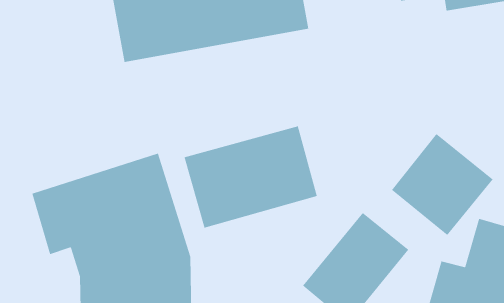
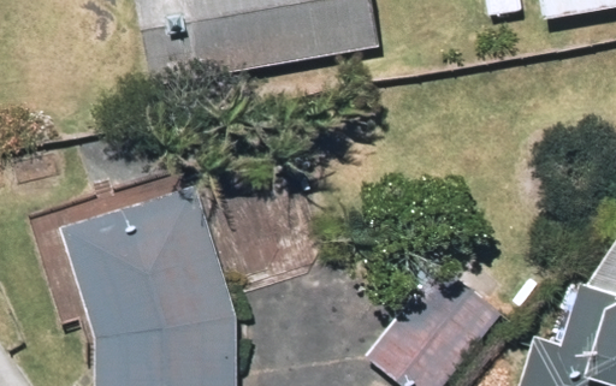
building: [184,126,317,228] -> none
building: [391,133,494,236] -> none

